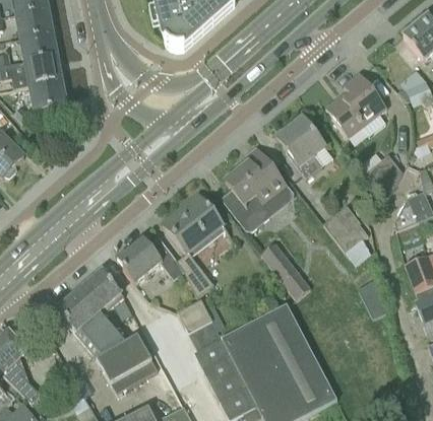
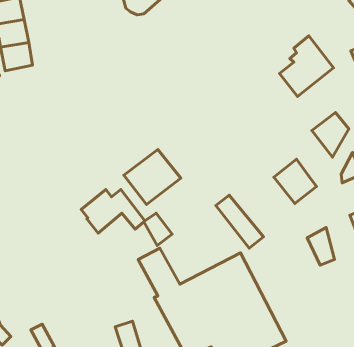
building: [277,117,325,179] -> none
building: [223,147,286,229] -> none
building: [57,270,158,393] -> none

